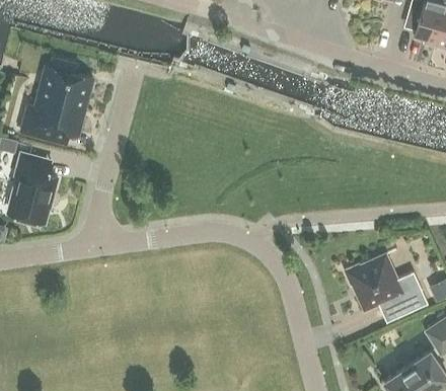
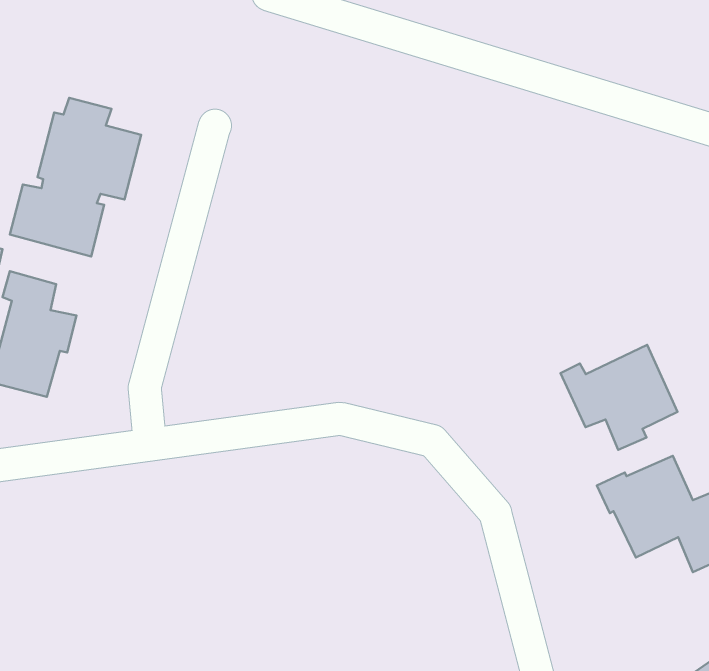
building: none -> [560,345,677,450]

